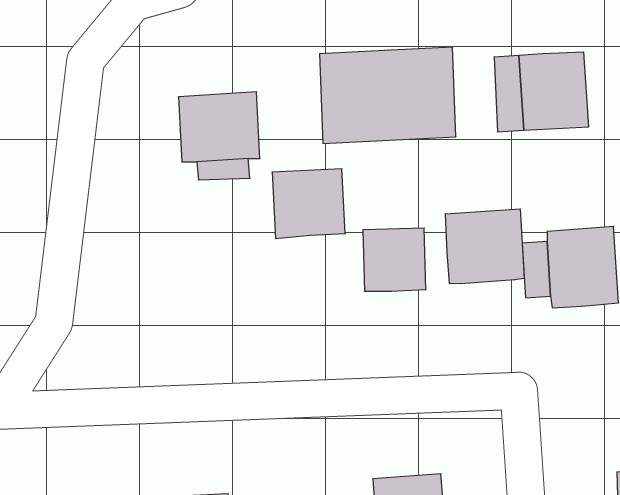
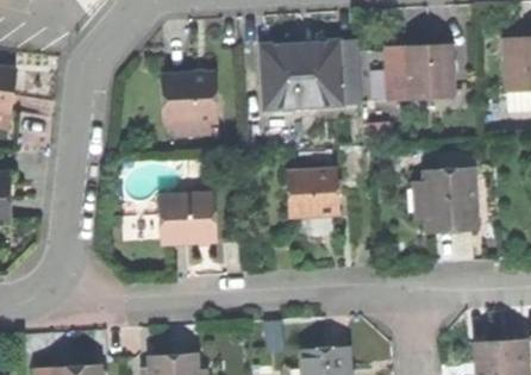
building: [272,169,345,239] -> [164,194,217,244]
building: [445,209,524,284] -> none

